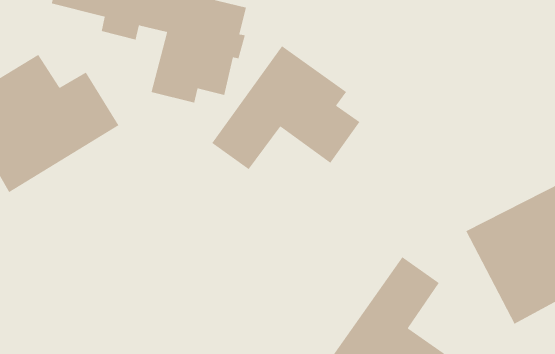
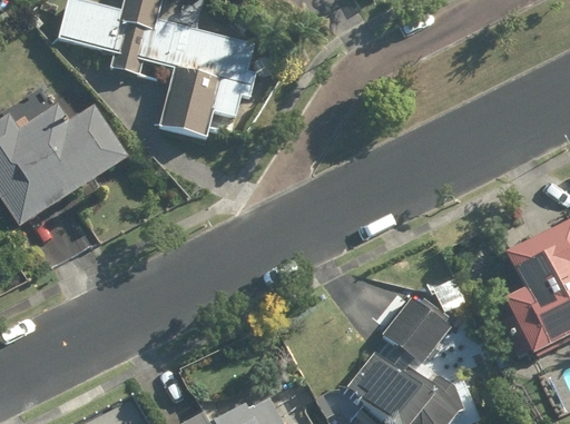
building: [211,45,360,170] -> none

